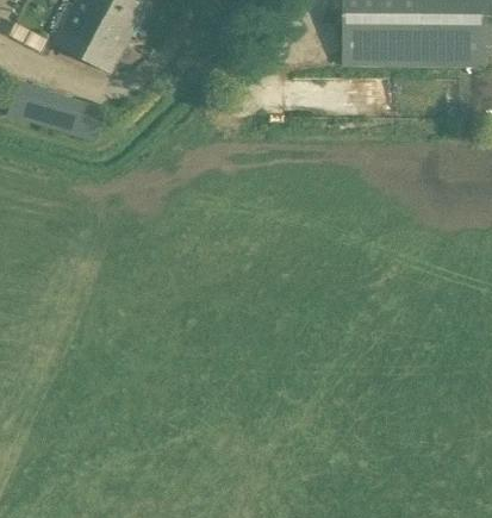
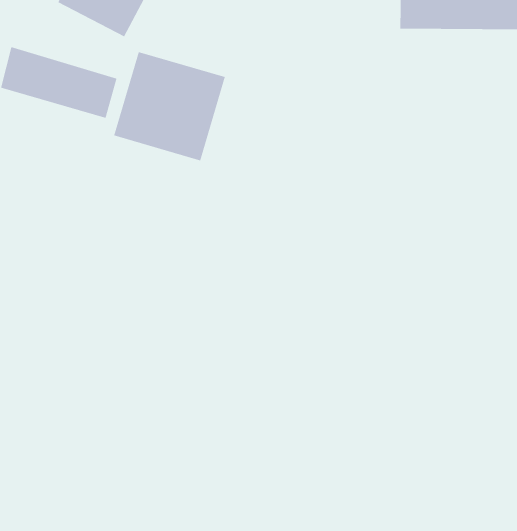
building: none -> [113,51,226,161]

